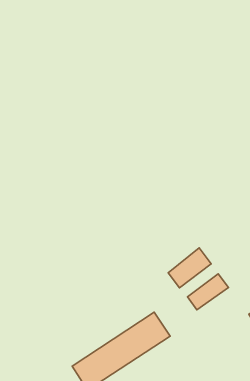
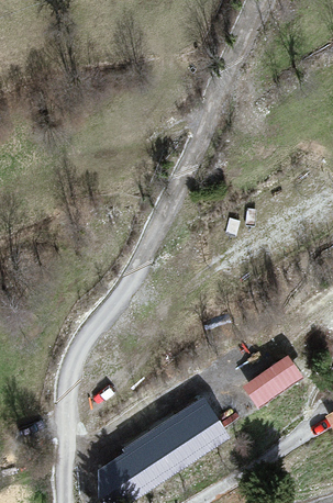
building: [168,248,211,288] -> none

